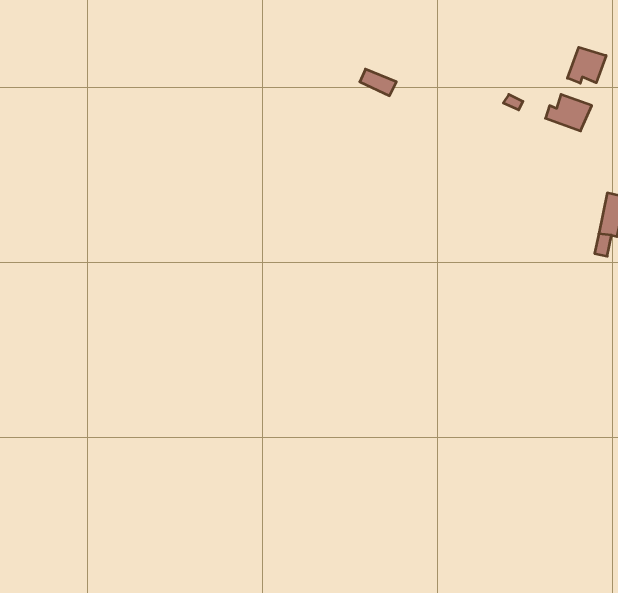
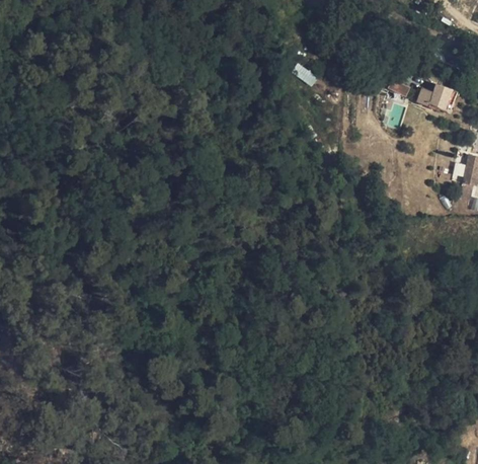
building: [567,47,606,83] -> none

